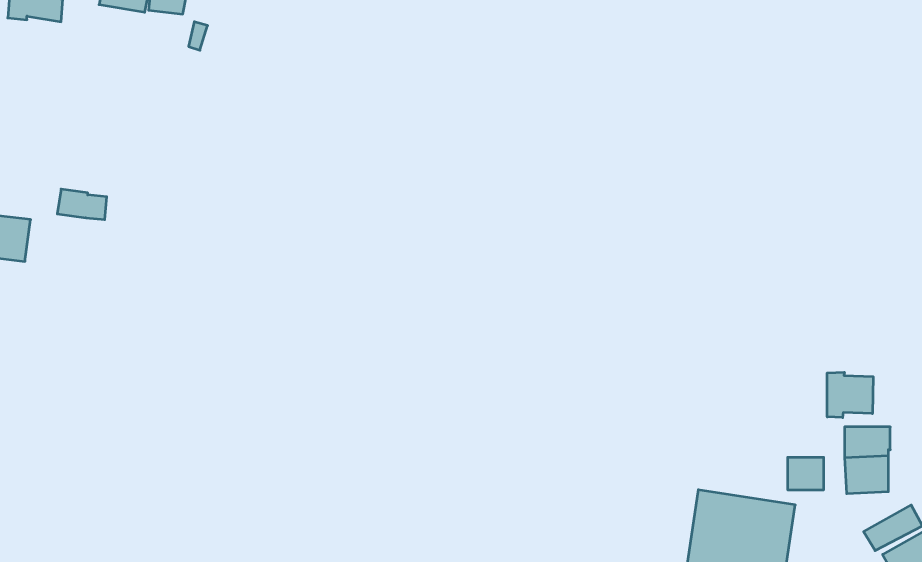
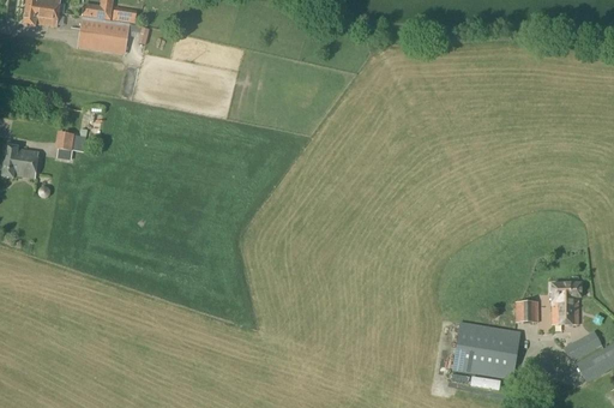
building: none -> [77,19,130,54]
building: [827,372,873,418] -> none

